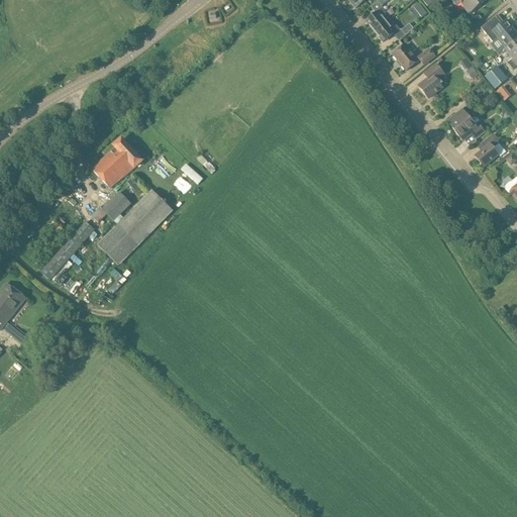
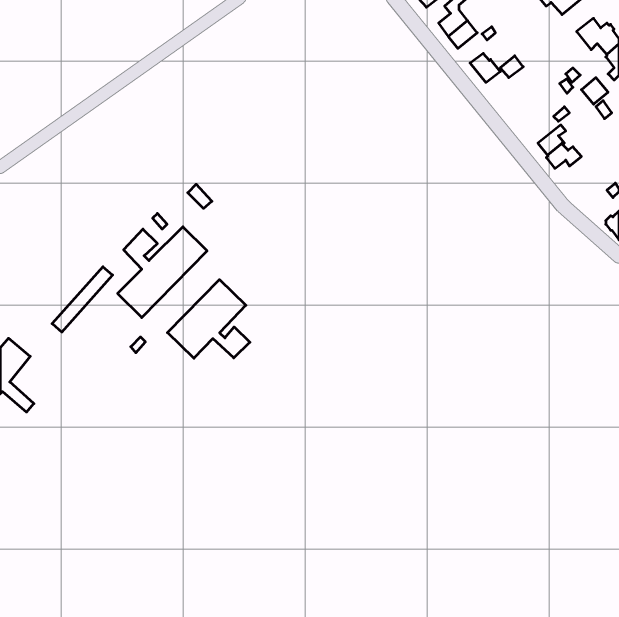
building: [419,63,444,97] -> none
building: [475,132,505,166] -> none
building: [92,137,142,188] -> none
building: none -> [167,280,250,358]

